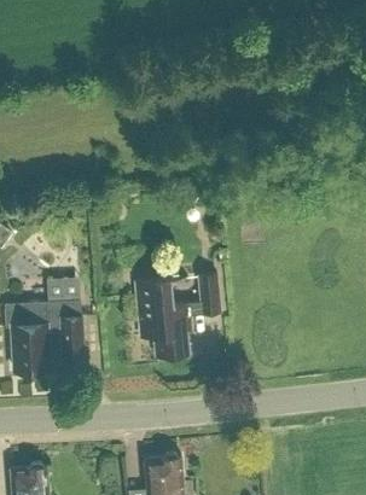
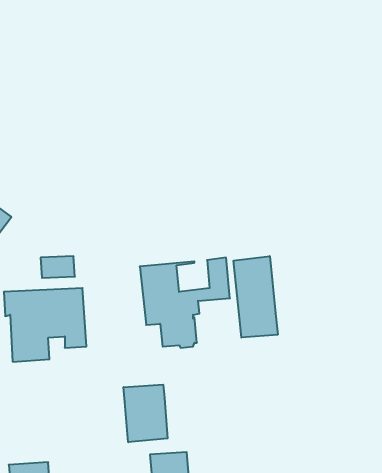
building: none -> [234,256,278,338]
building: none -> [124,385,168,442]

